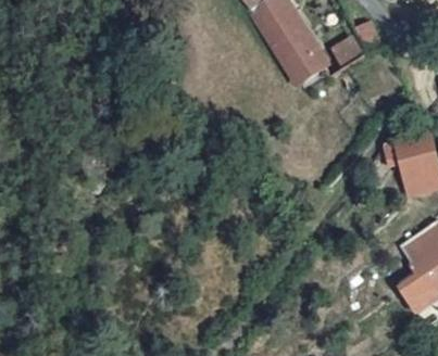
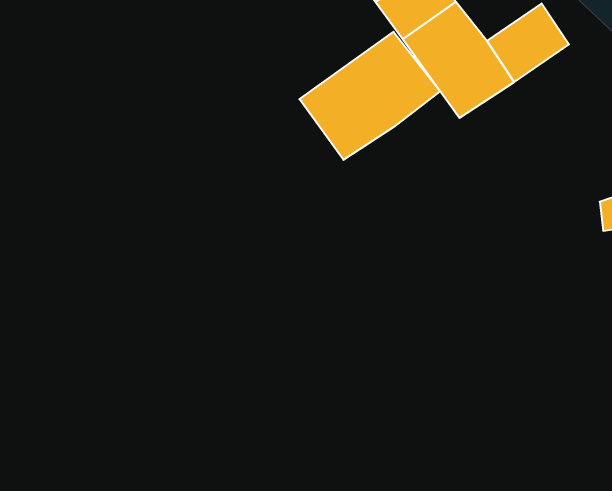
building: none -> [299,32,440,160]

